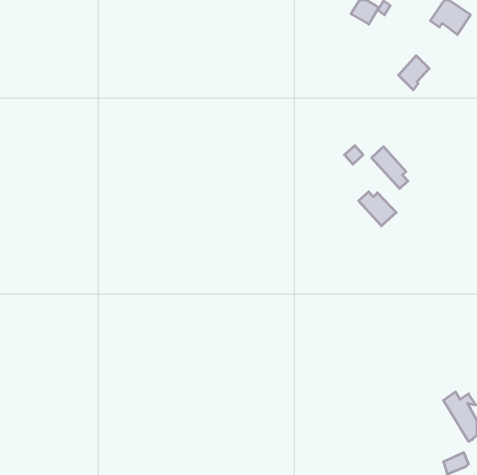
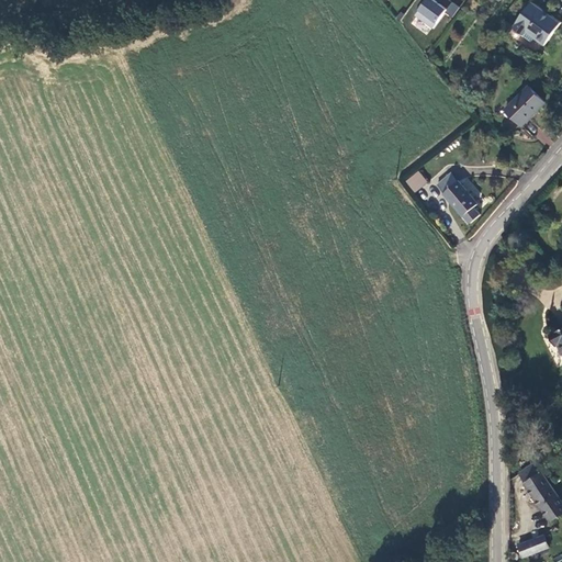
building: [398,56,429,90] -> [507,82,543,123]
building: [359,192,396,226] -> none

